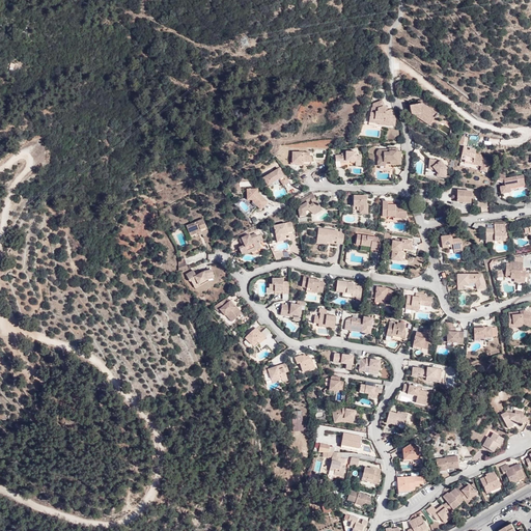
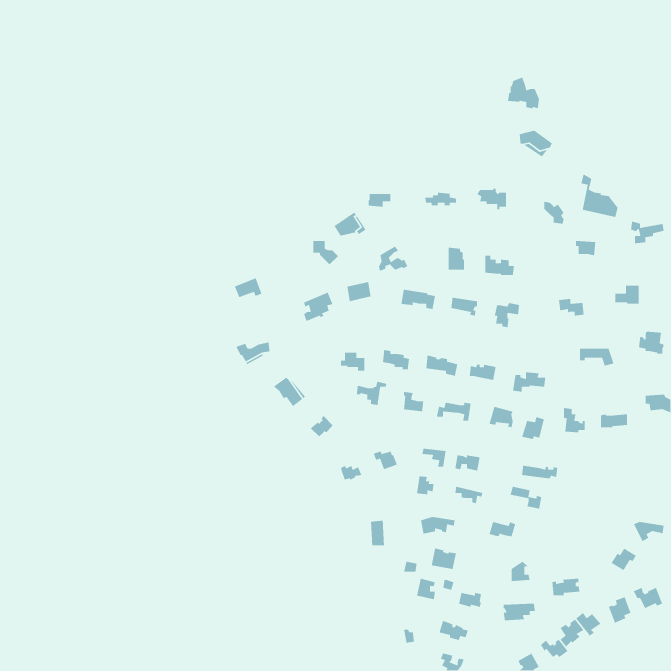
building: [369,101,395,127] -> [507,76,540,109]

